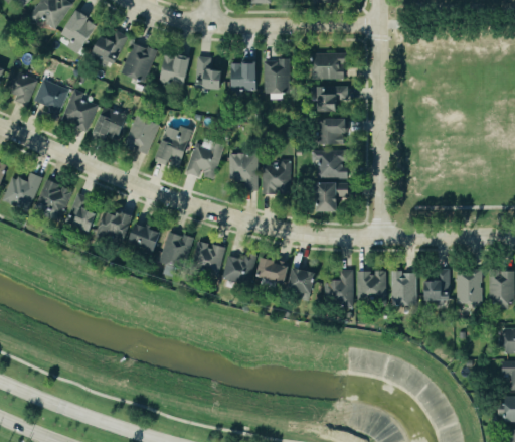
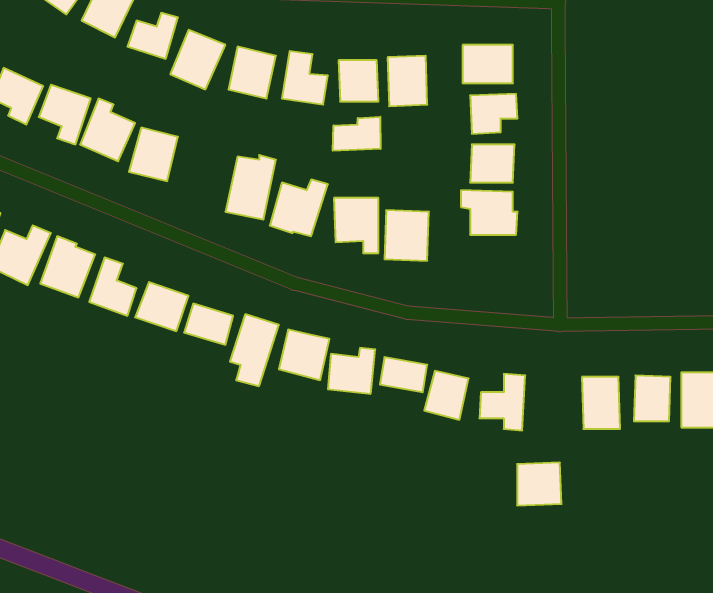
building: none -> [333,117,381,151]
building: [123,115,158,154] -> none
building: [317,182,348,211] -> none
building: [356,271,385,299] -> [517,463,562,505]

